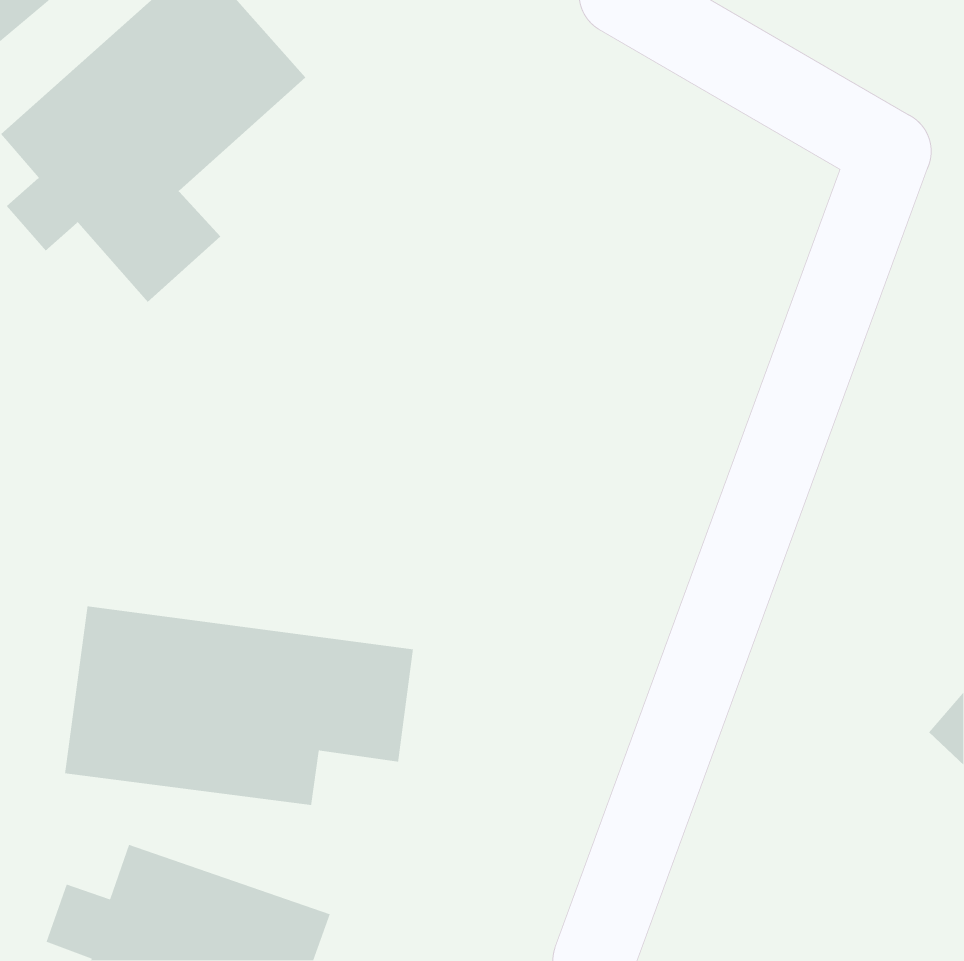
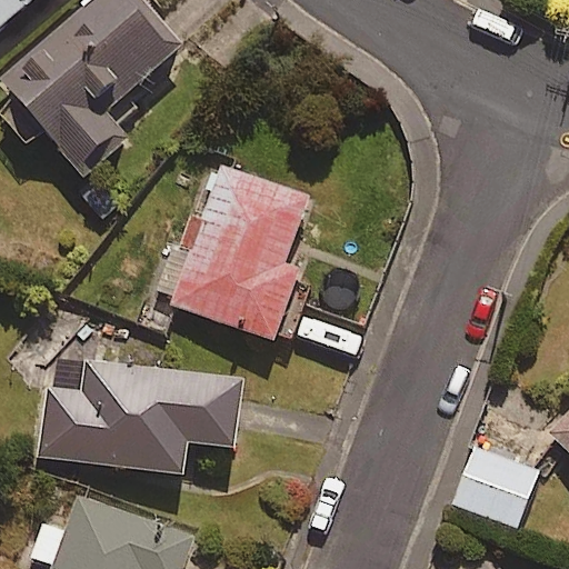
building: none -> [159,167,311,341]
building: none -> [452,447,538,527]

